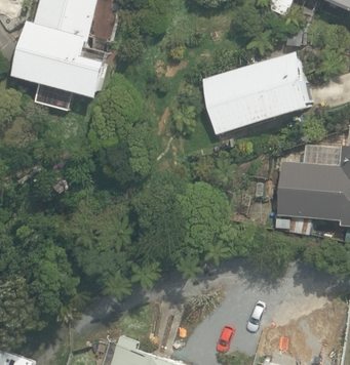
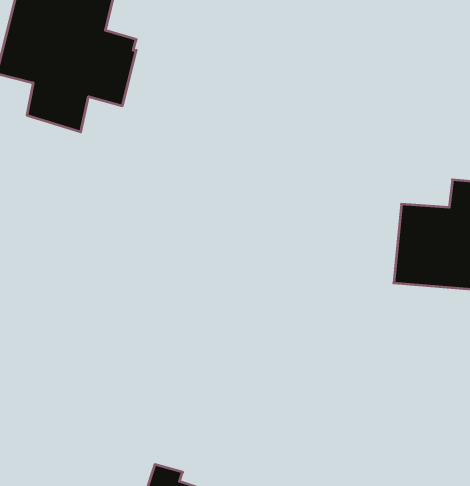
building: [202,51,311,134] -> none

